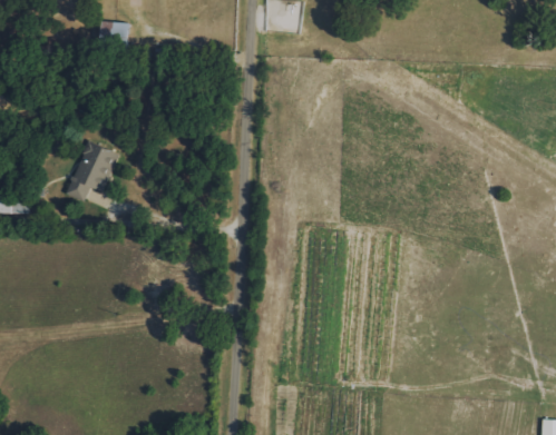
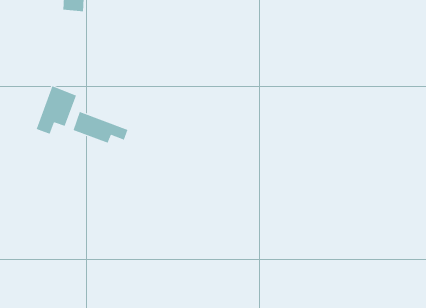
building: none -> [73,111,128,144]

